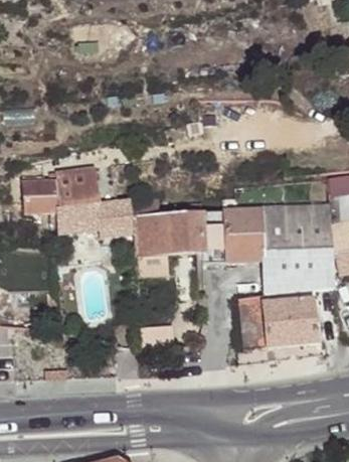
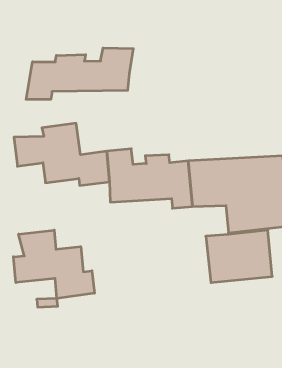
building: none -> [26,48,133,99]
building: none -> [13,230,94,298]

